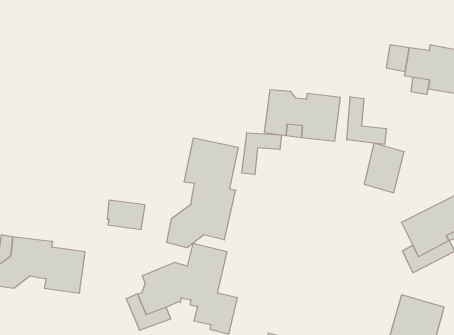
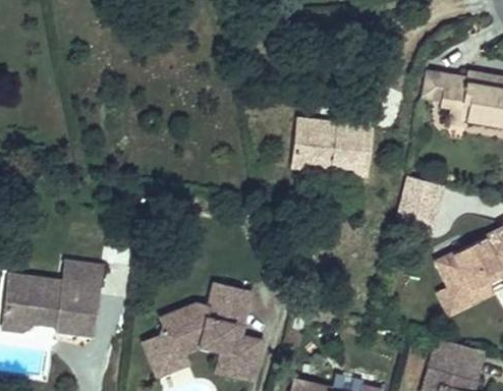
building: [347,97,386,144] -> none
building: [242,133,282,175] -> none
building: [167,138,238,248] -> none
building: [107,200,145,230] -> [62,261,103,292]

